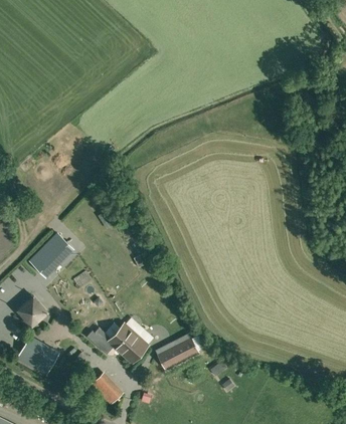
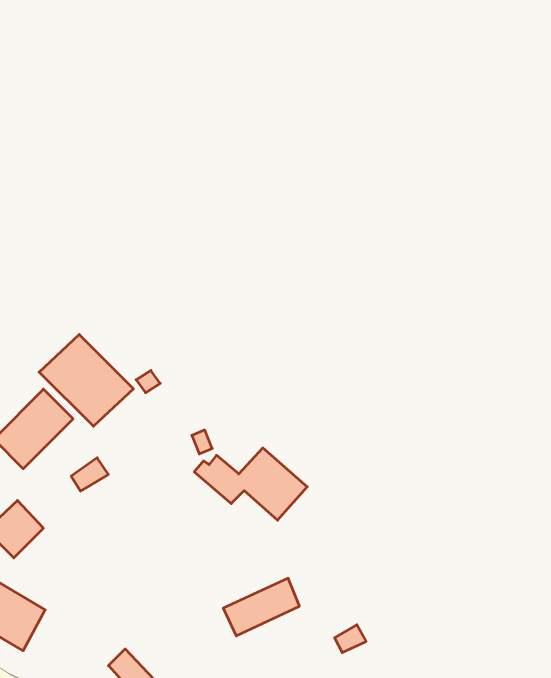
building: none -> [39,334,133,426]
building: [86,324,148,363] -> [194,448,307,520]

